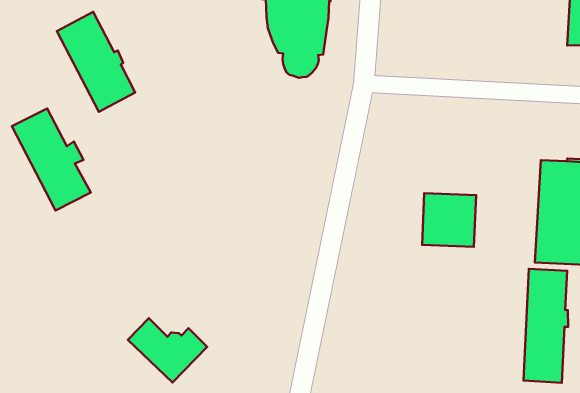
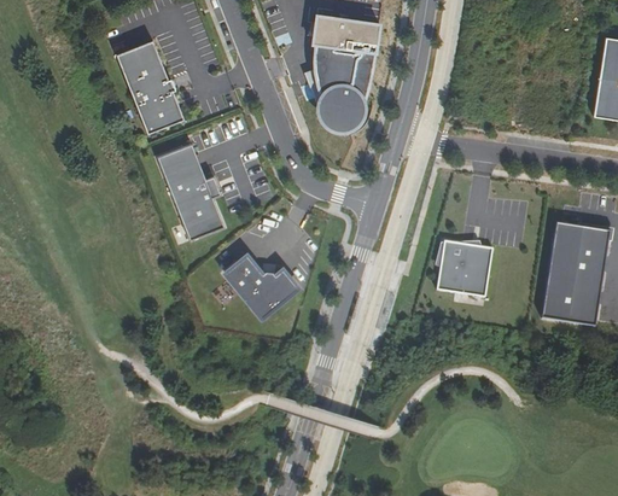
building: [12,108,91,210] -> [157,142,225,239]
building: [523,269,568,383] -> none
building: [128,318,207,383] -> [225,255,298,317]

